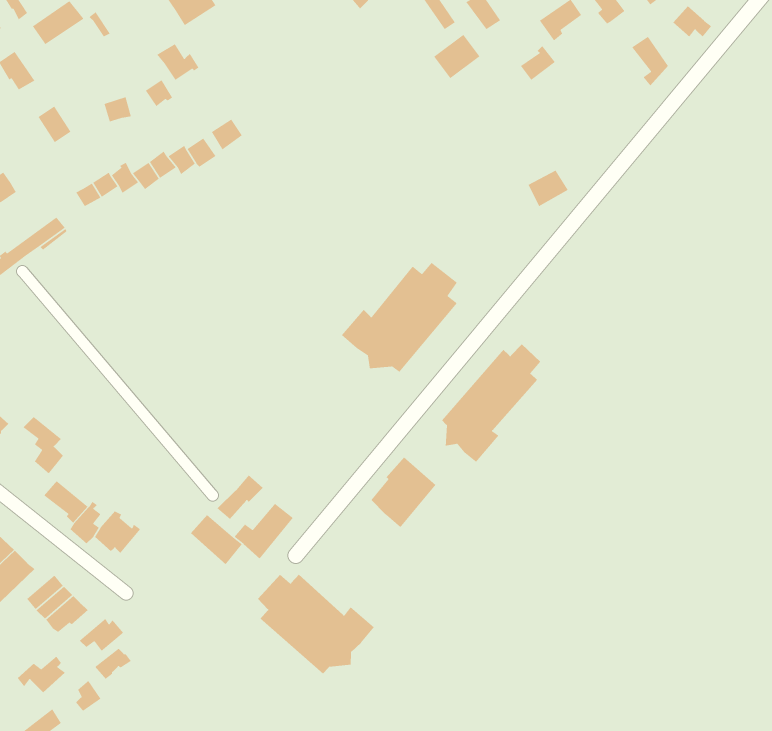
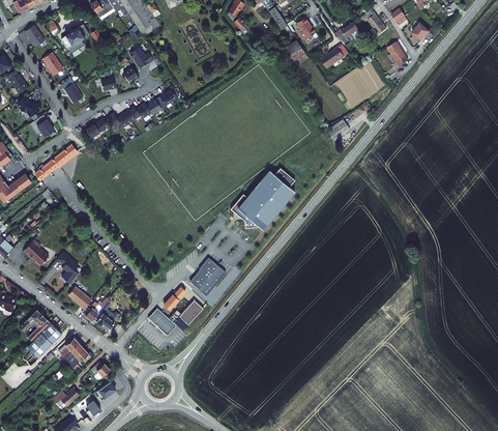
building: [441,343,541,463] -> none
building: [370,457,436,528] -> [188,255,225,294]
building: [257,574,375,675] -> none

